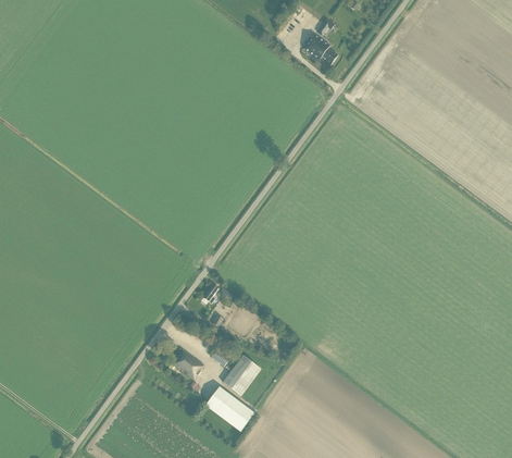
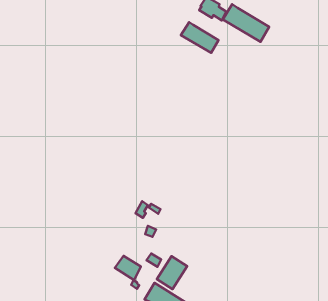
building: none -> [223,4,269,42]
building: none -> [181,22,219,53]

